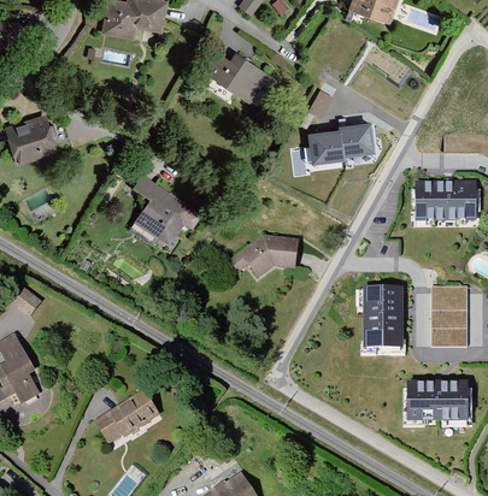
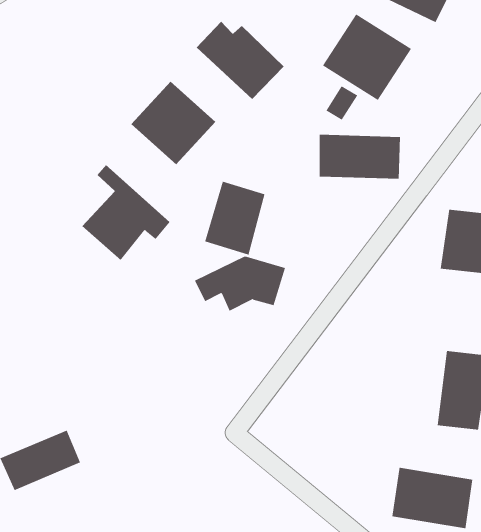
building: none -> [322,14,412,101]
building: none -> [131,81,216,165]
building: none -> [204,181,265,255]
building: [365,281,405,349] -> none

